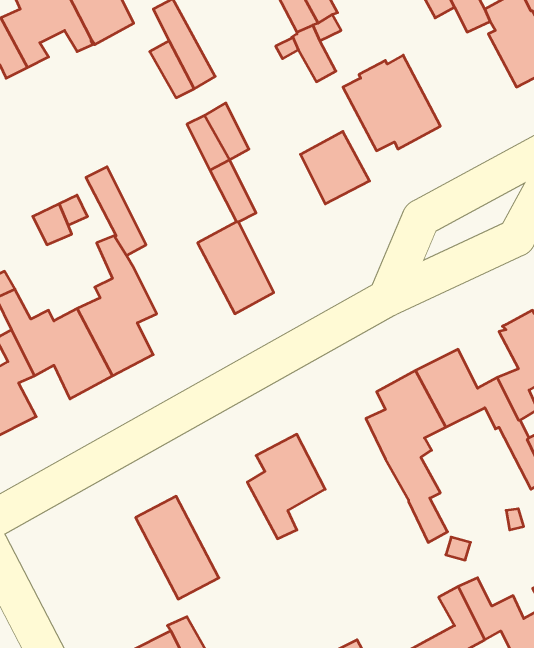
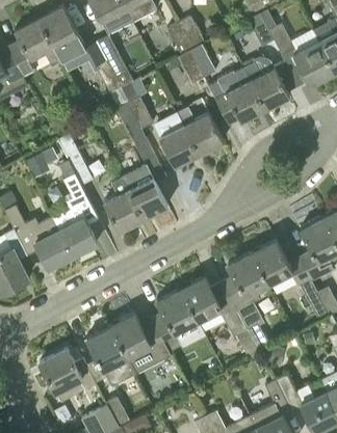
building: none -> [243,62,290,110]
building: none -> [153,113,198,168]
building: none -> [104,179,145,233]
building: none -> [181,278,258,359]
building: none -> [110,315,171,375]
building: none -> [40,350,97,403]

